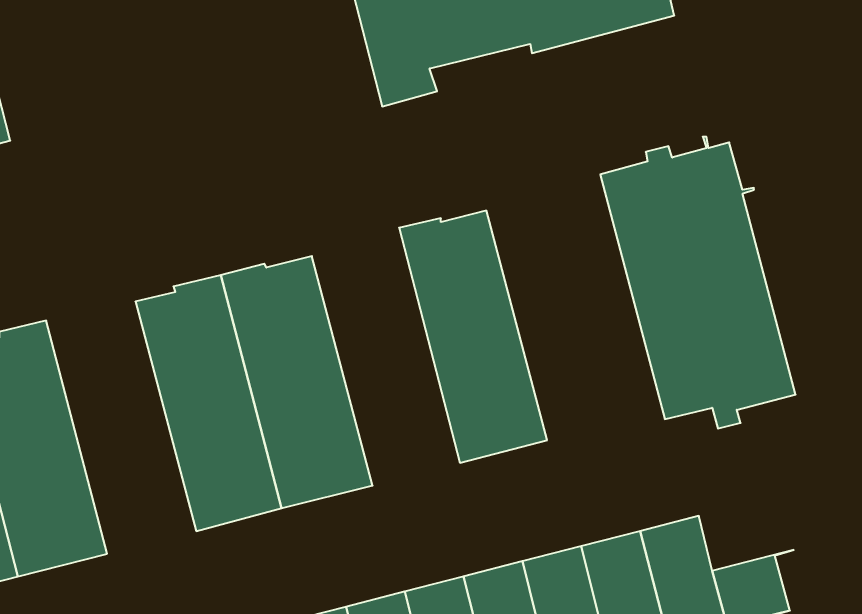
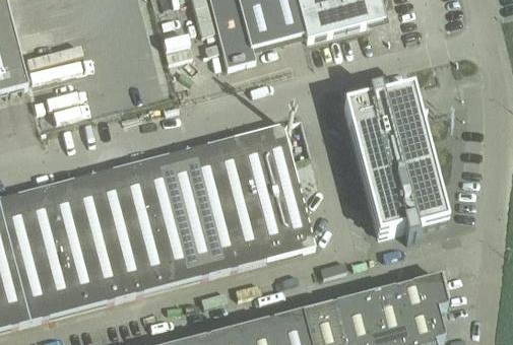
building: none -> [189,132,268,270]
building: none -> [47,171,127,306]
building: none -> [396,275,447,316]

